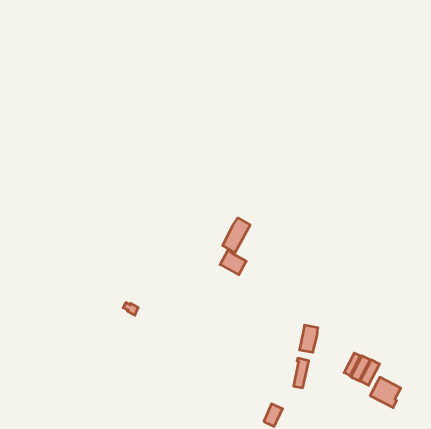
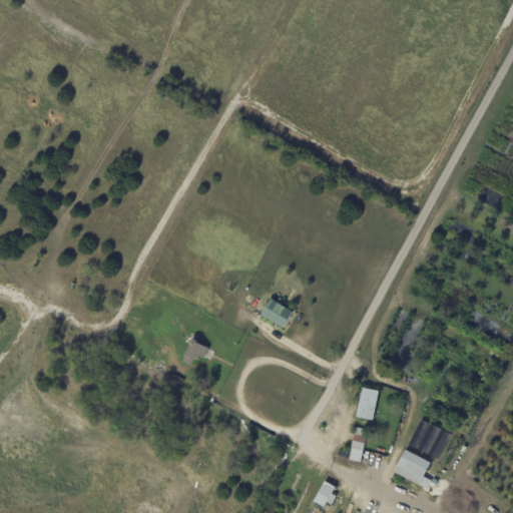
building: [223,218,250,253] -> none
building: none -> [181,338,213,365]
building: [370,377,401,408] -> [394,449,430,485]

